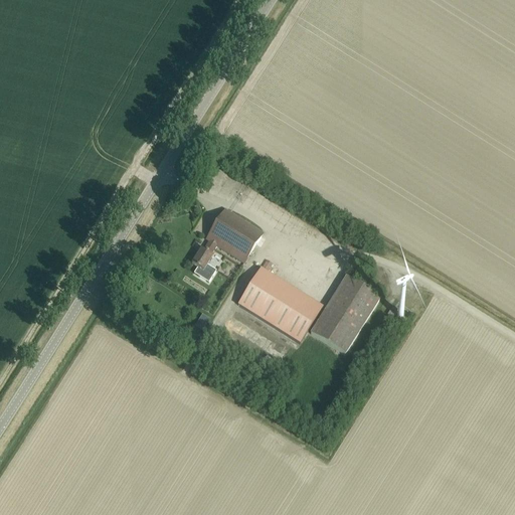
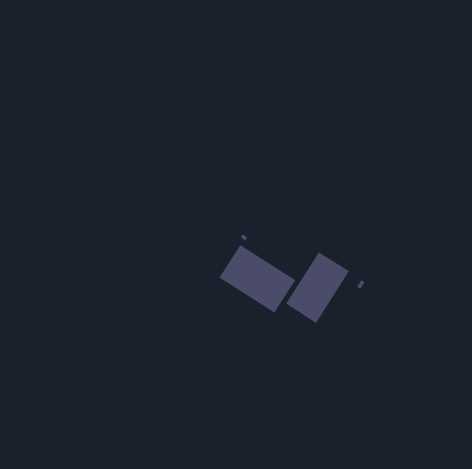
building: [191,207,263,280] -> none

